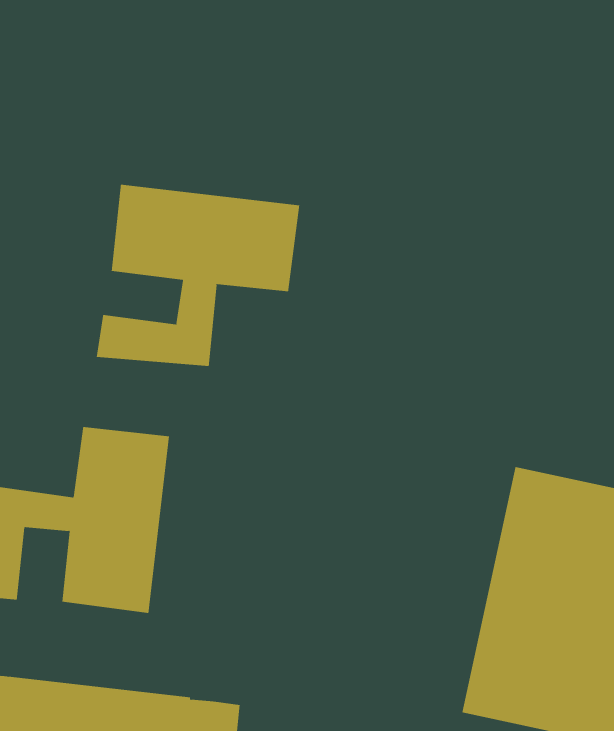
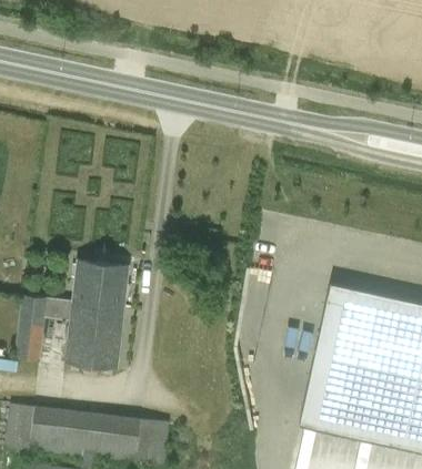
building: [96,184,300,367] -> none

